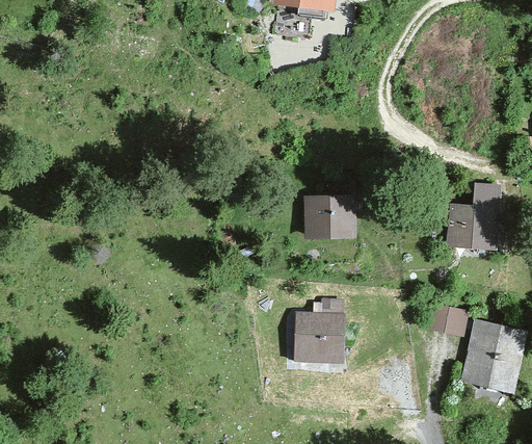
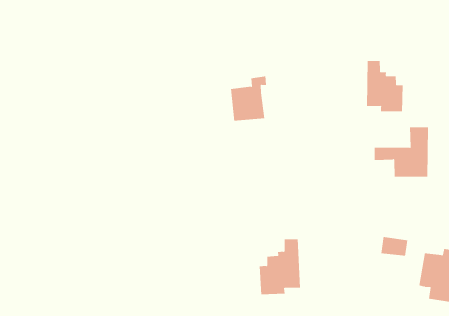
building: none -> [367,60,403,112]
building: [309,188,350,236] -> [230,76,267,121]

